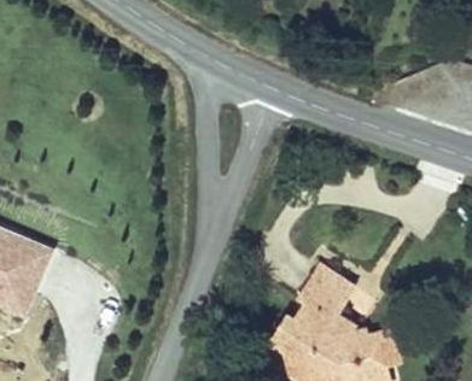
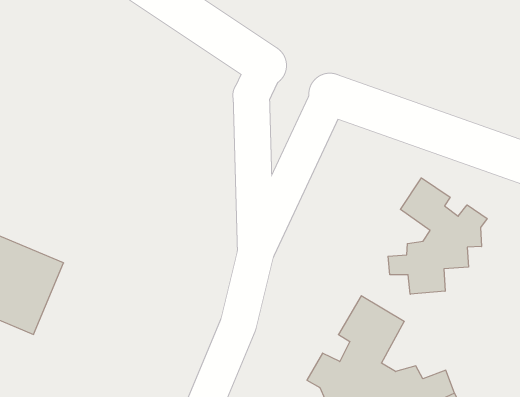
building: none -> [388,178,487,294]

